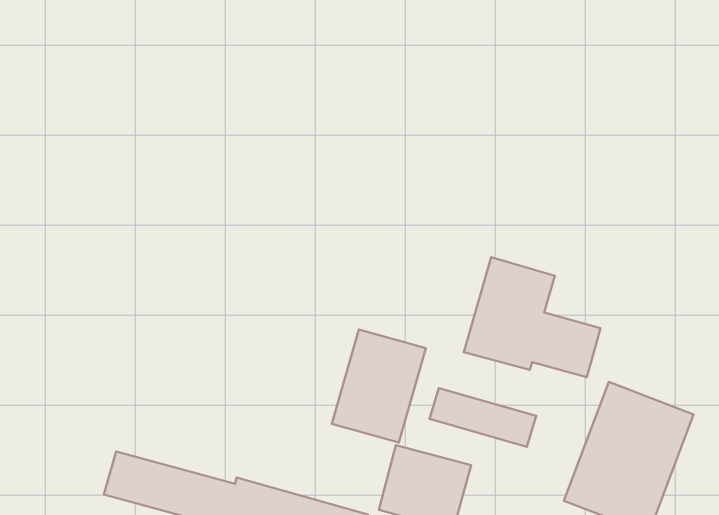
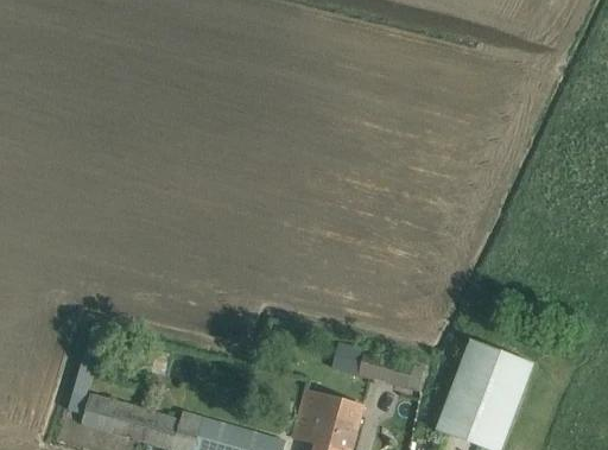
building: [464,257,600,377] -> none
building: [332,329,426,442] -> none

